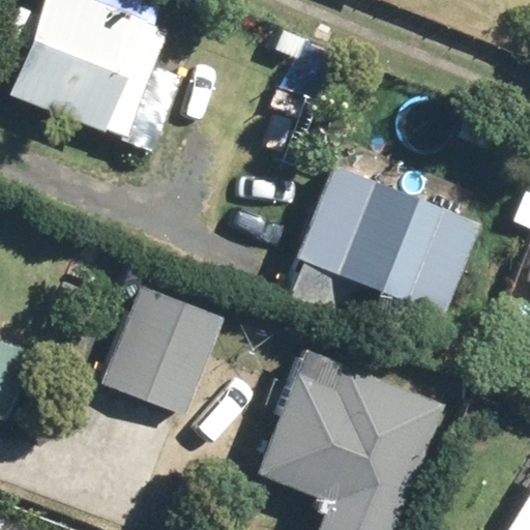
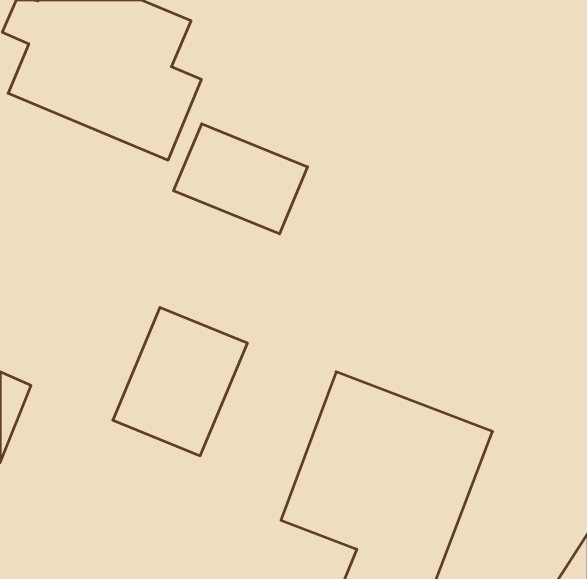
building: none -> [174,124,308,234]
building: [285,158,483,327] -> none

